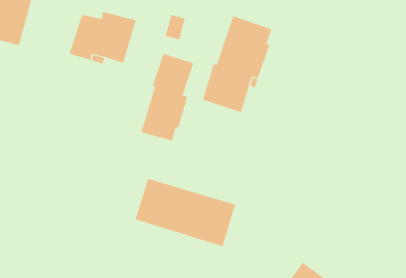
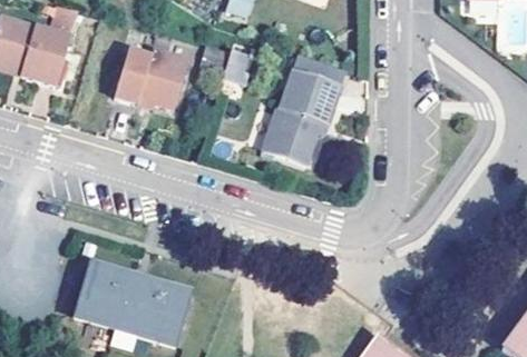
building: [141,53,194,142] -> none
building: [135,178,236,247] -> [74,267,188,345]

